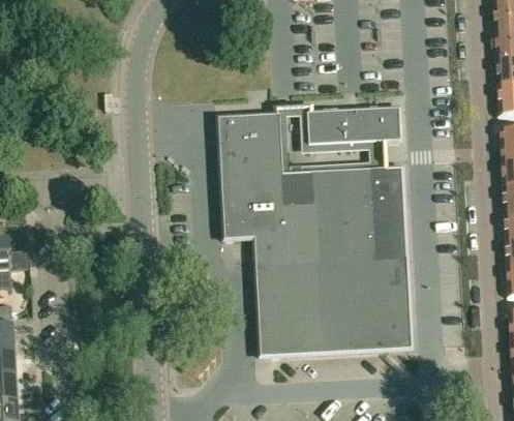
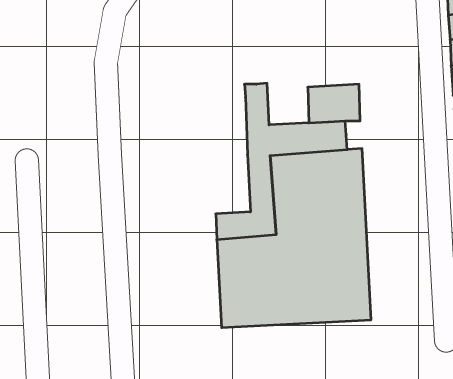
building: [306,102,350,146] -> none
building: [216,103,289,240] -> none

